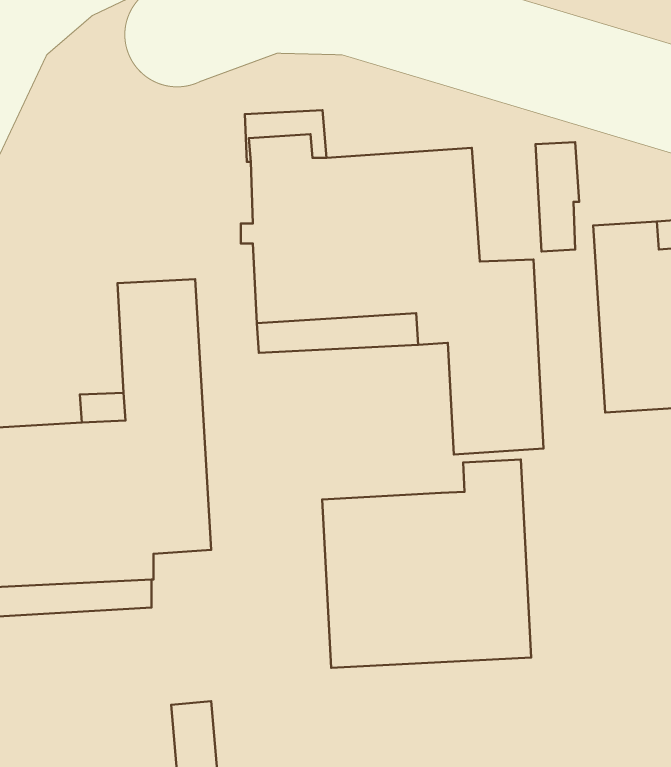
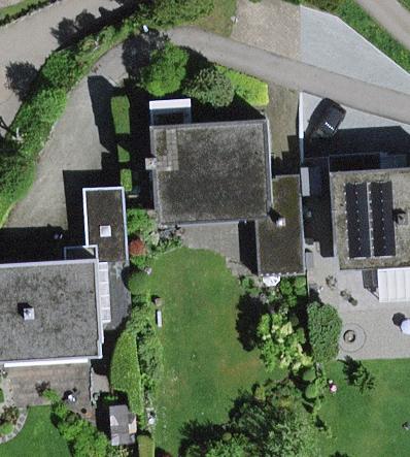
building: [322,459,531,668] -> none

